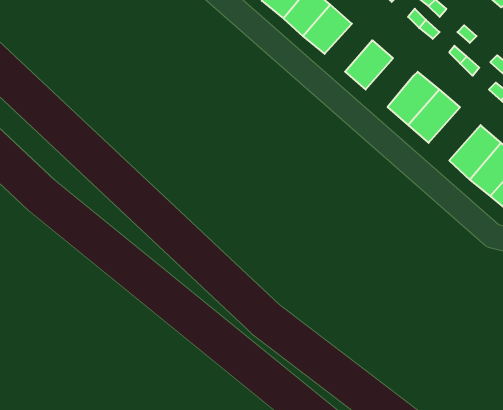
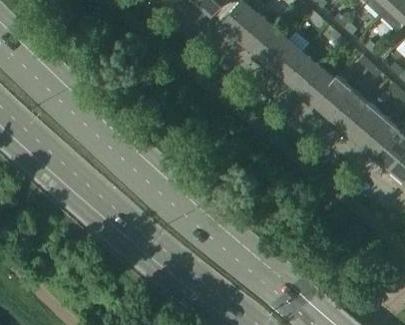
building: none -> [268,41,303,76]
building: none -> [298,66,333,102]
building: none -> [344,102,382,141]

